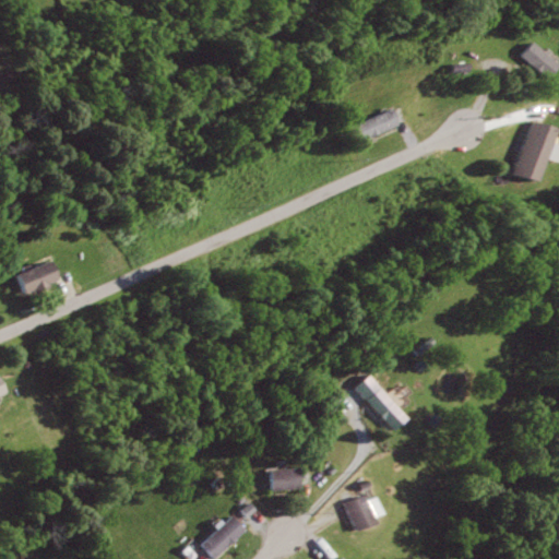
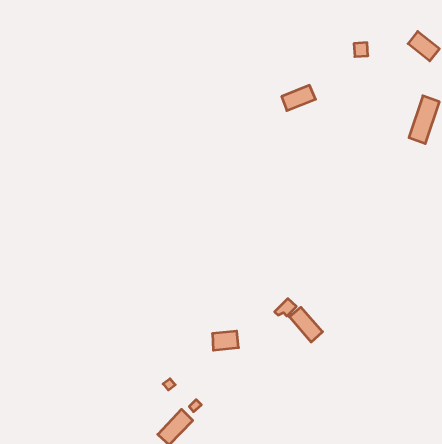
building: [17,262,57,295] -> none
building: [270,467,302,491] -> [212,331,239,350]
building: [345,496,381,533] -> none

